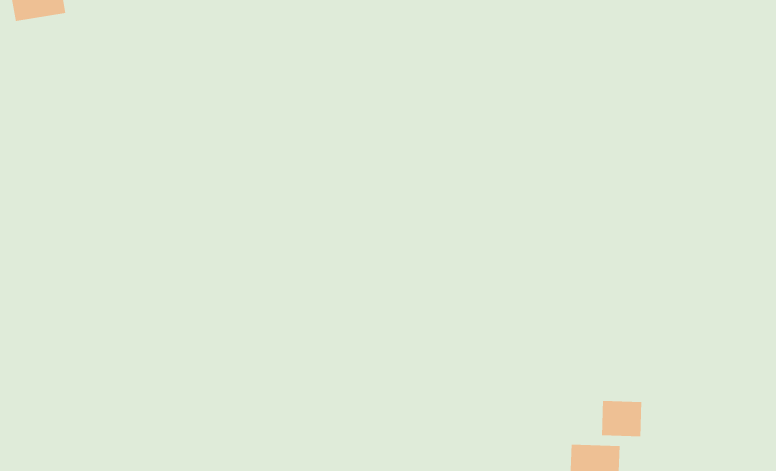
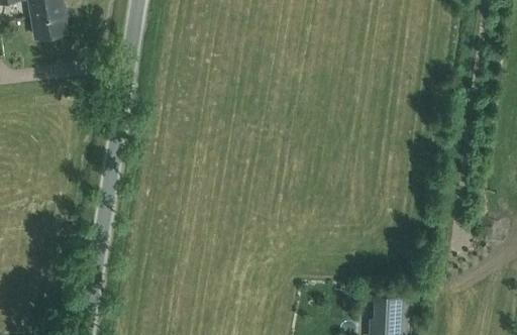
building: [602,400,642,437] -> none

